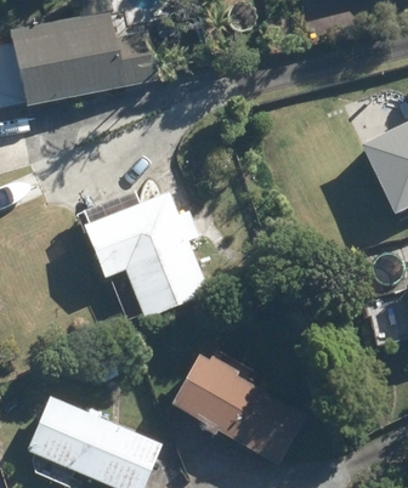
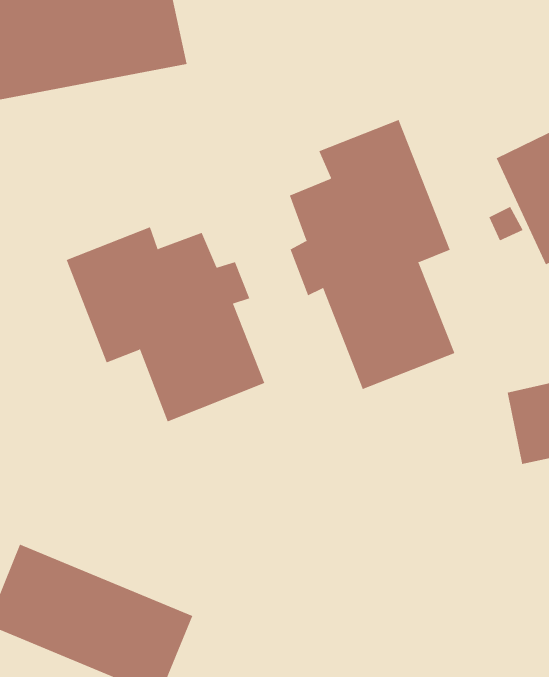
building: none -> [289,119,455,390]
building: [170,354,306,464] -> none

